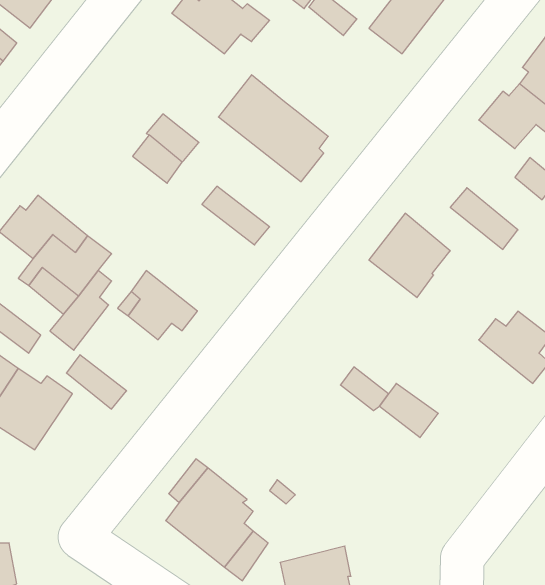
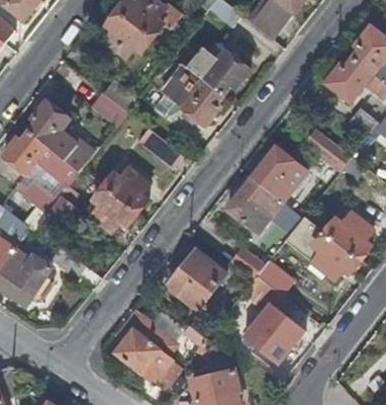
building: none -> [106,10,154,57]
building: none -> [172,44,250,93]
building: none -> [28,102,90,172]
building: none -> [101,159,149,211]
building: none -> [226,176,283,232]
building: none -> [285,215,361,278]
building: none -> [168,249,225,309]
building: none -> [239,299,304,363]

